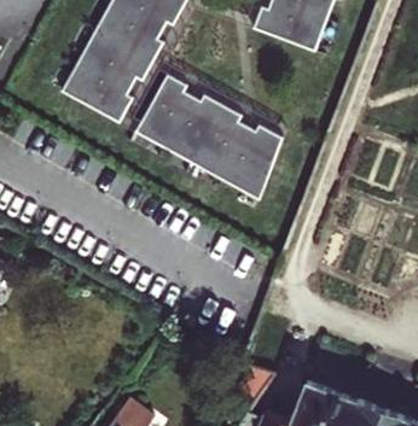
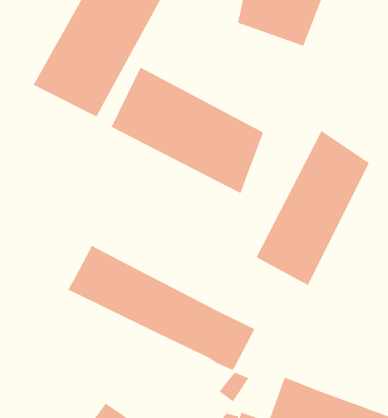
building: none -> [256,130,370,286]
building: none -> [67,245,255,371]

